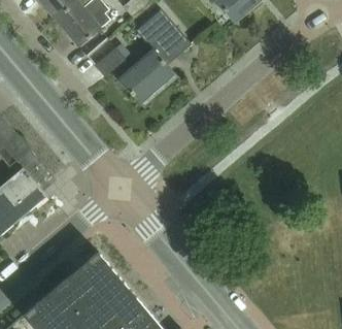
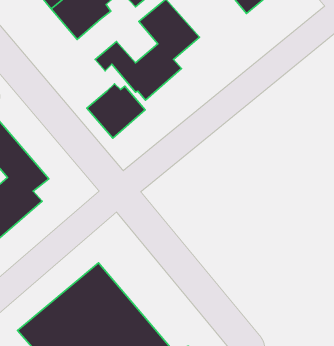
building: none -> [87,84,145,138]

